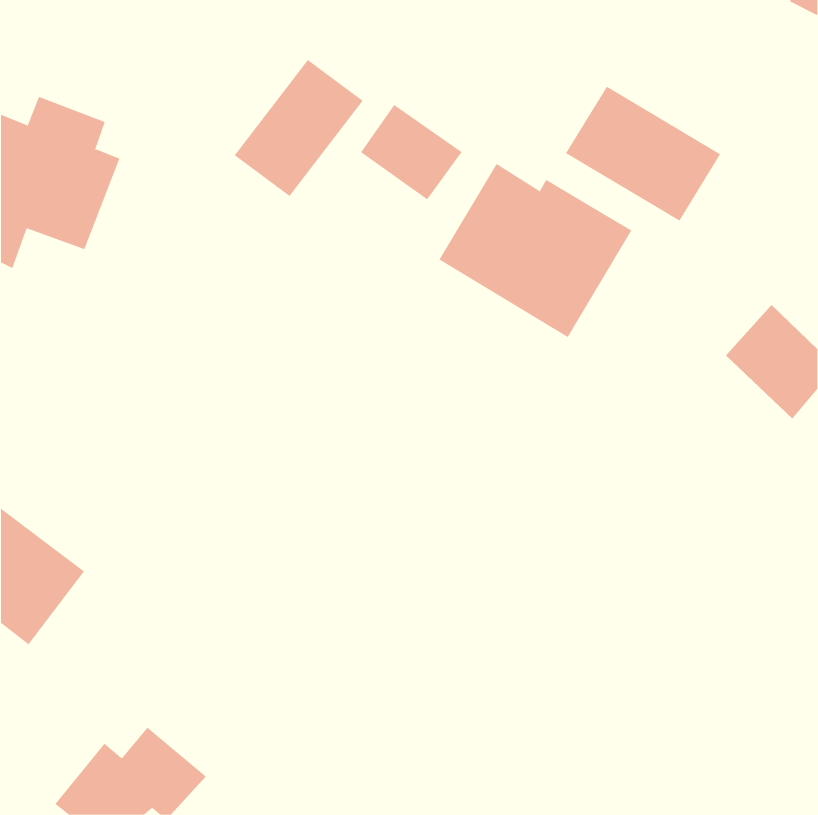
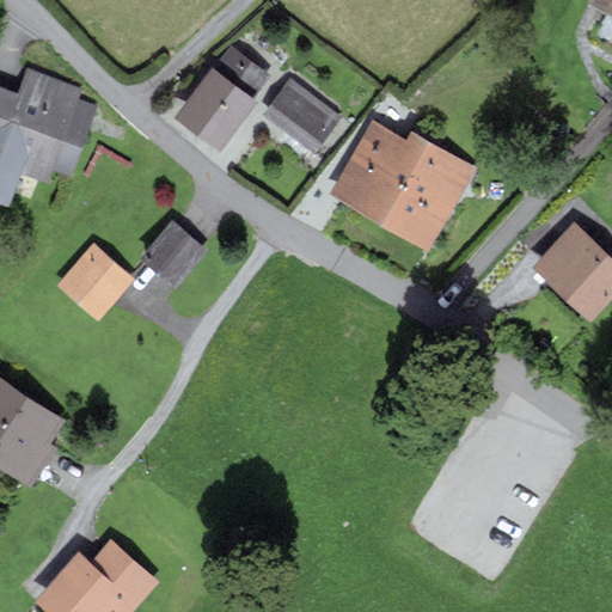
building: [565,86,721,221] -> none
building: none -> [142,219,203,280]
building: none -> [61,244,131,314]

